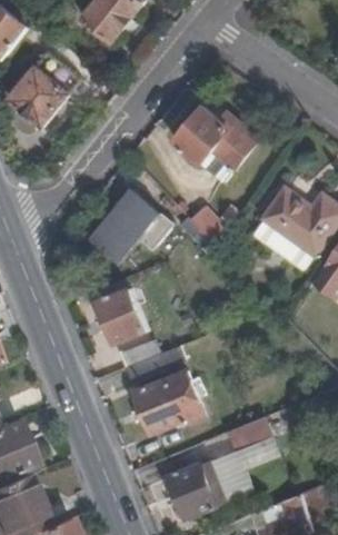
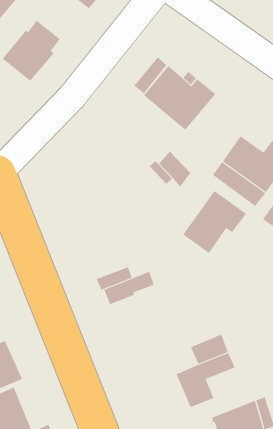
building: [92,188,173,260] -> none
building: none -> [182,190,247,254]
building: [95,286,146,341] -> none
building: [132,368,203,432] -> none
building: [167,458,226,518] -> none

